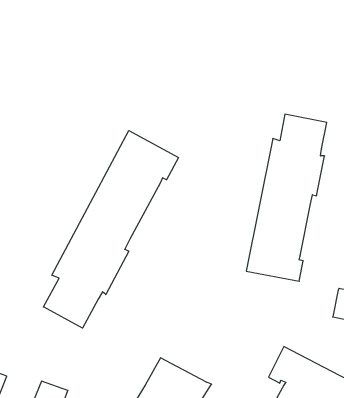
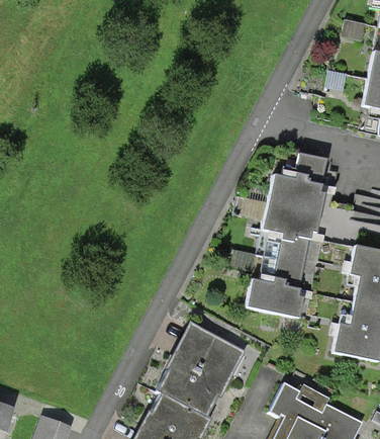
building: [43,131,178,328] -> none
building: none -> [158,325,248,417]

